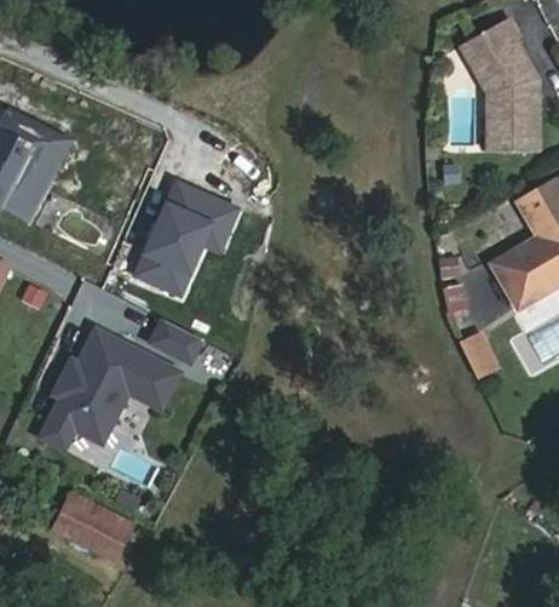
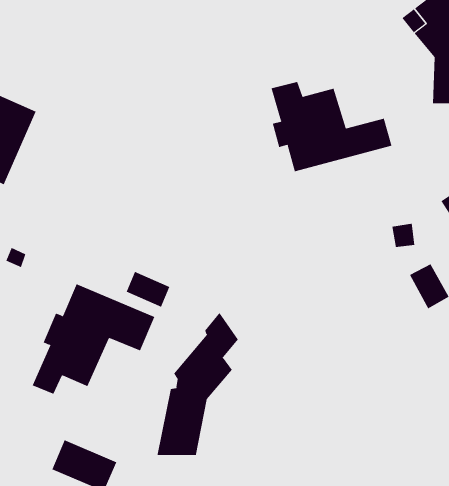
building: none -> [271,81,392,172]
building: [133,179,238,292] -> none
building: none -> [157,312,238,456]

